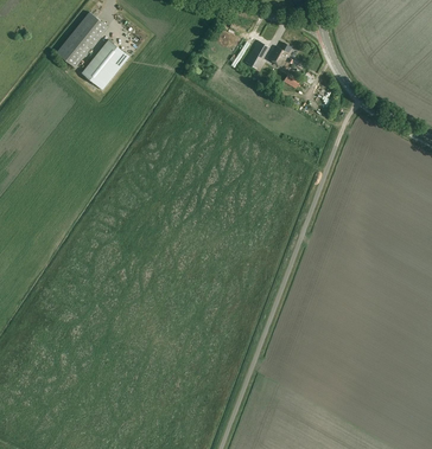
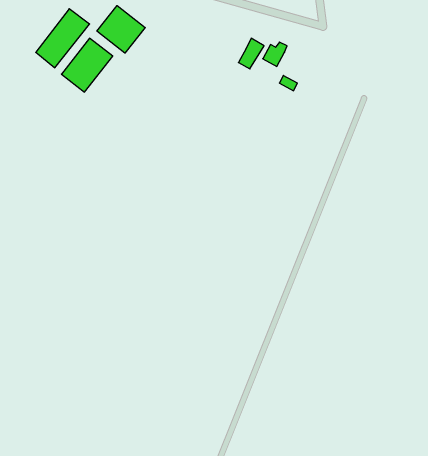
building: none -> [97,6,145,53]

